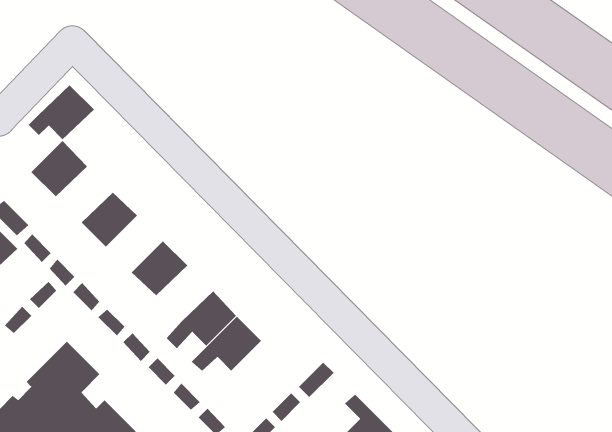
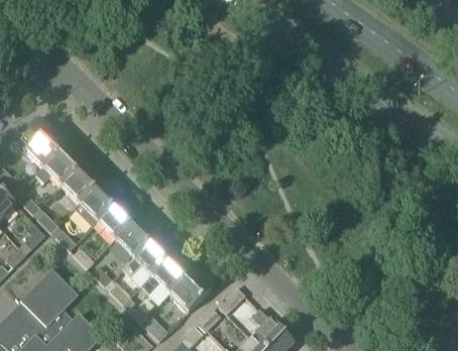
building: [28,84,95,140] -> [36,145,85,186]
building: none -> [75,181,121,227]
building: none -> [116,217,157,257]
building: none -> [170,271,211,312]

